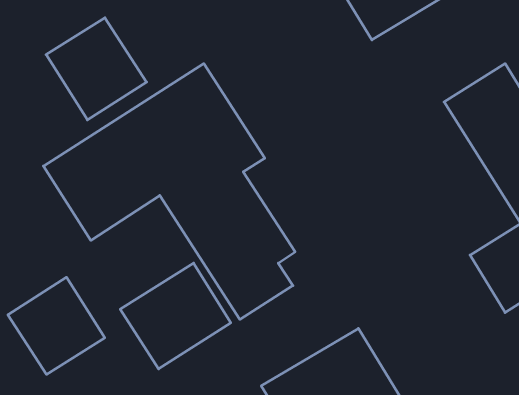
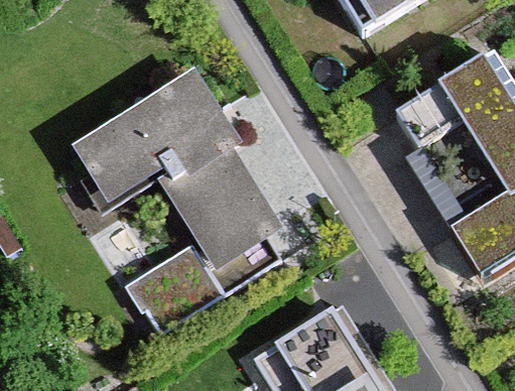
building: [46,18,147,120] -> none
building: [8,277,105,374] -> none

